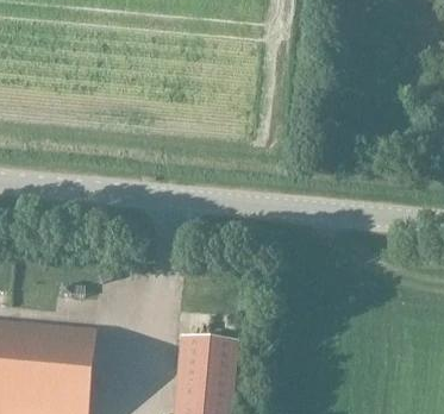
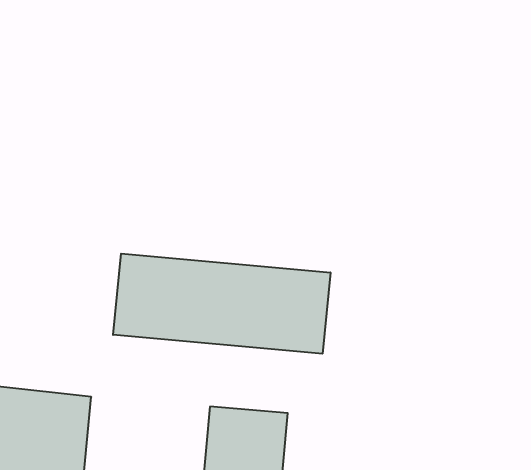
building: none -> [113,254,330,354]

